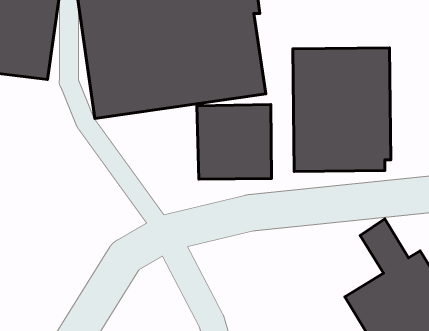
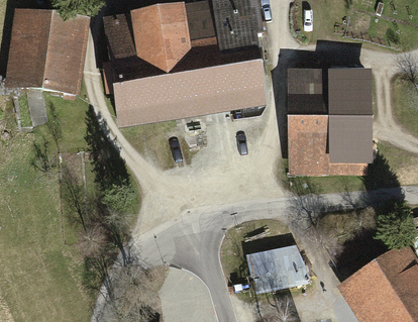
building: [197,104,272,179] -> none
building: none -> [245,243,305,293]

